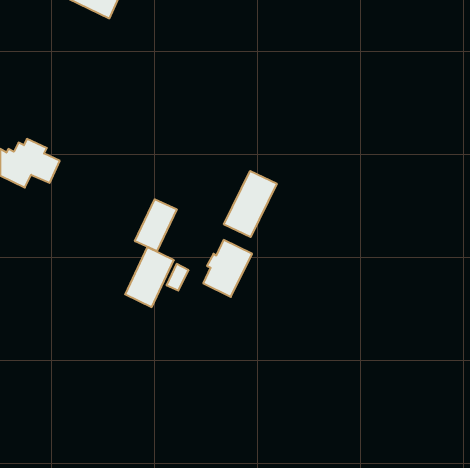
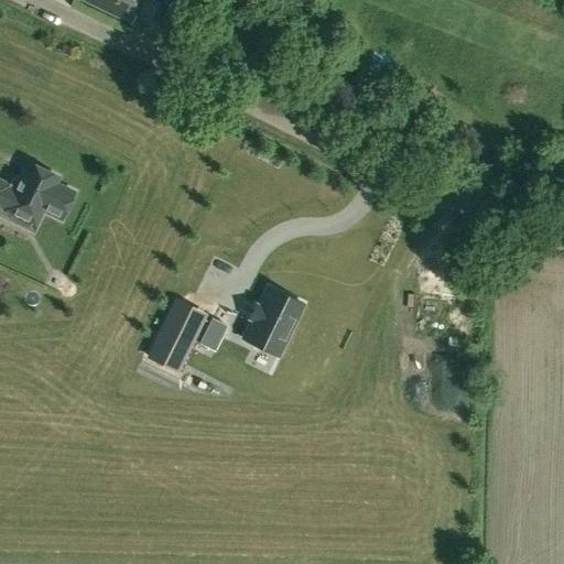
building: [224,171,277,237] -> none
building: [135,199,177,251] -> none

